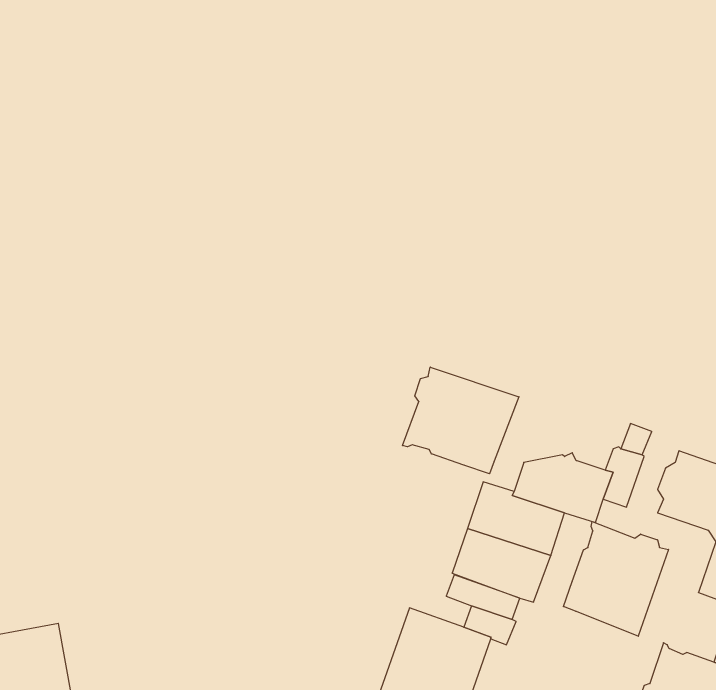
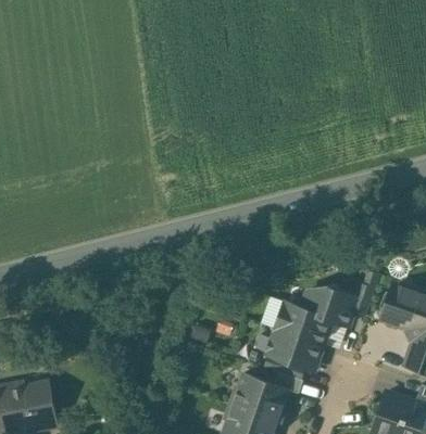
building: [403,367,519,474] -> none
building: [563,522,668,636] -> none

